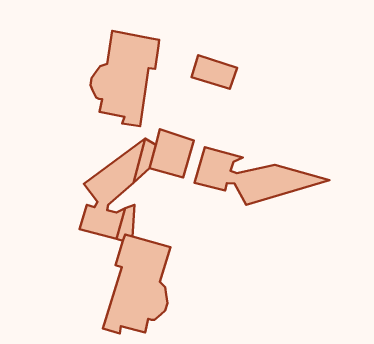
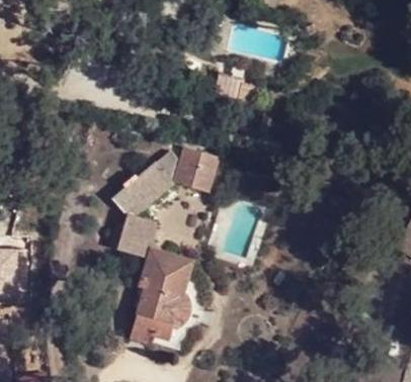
building: [90,31,159,126] -> none
building: [195,147,330,205] -> none

